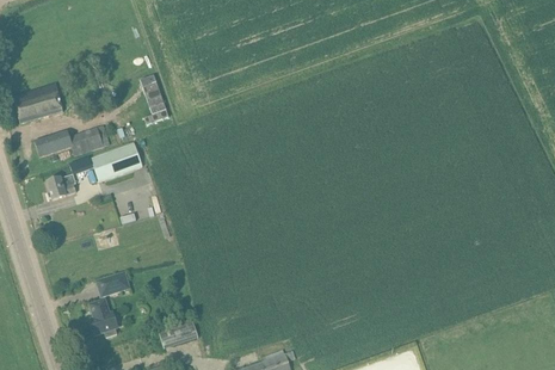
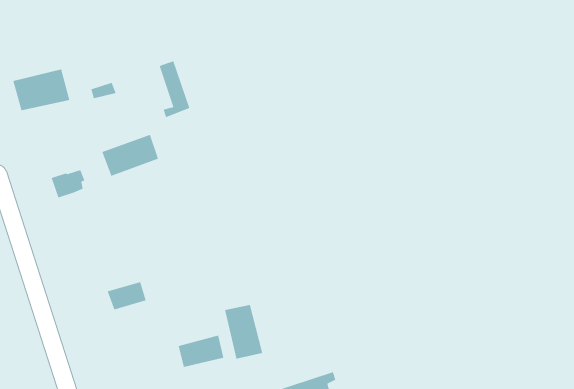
building: [35,123,109,154] -> none
building: none -> [224,304,263,359]
building: [90,297,116,334] -> none

